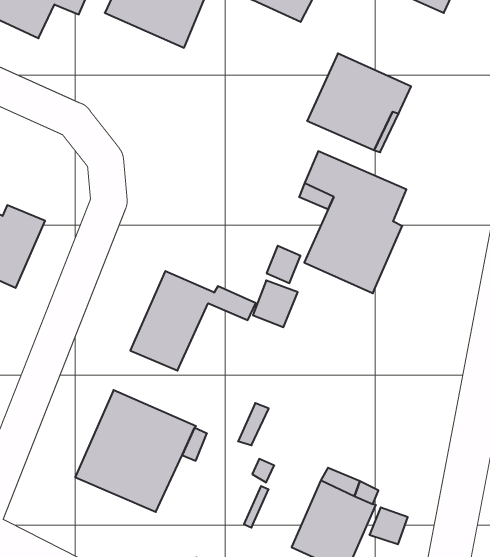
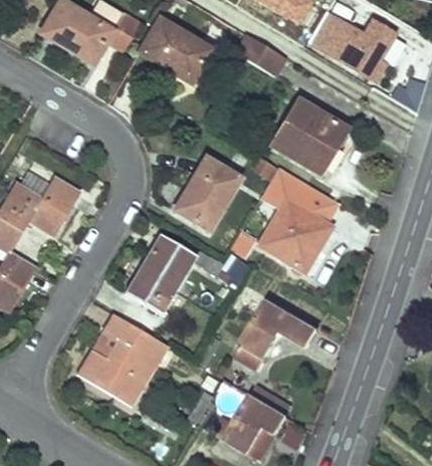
building: none -> [175,161,238,230]
building: none -> [234,300,316,370]

